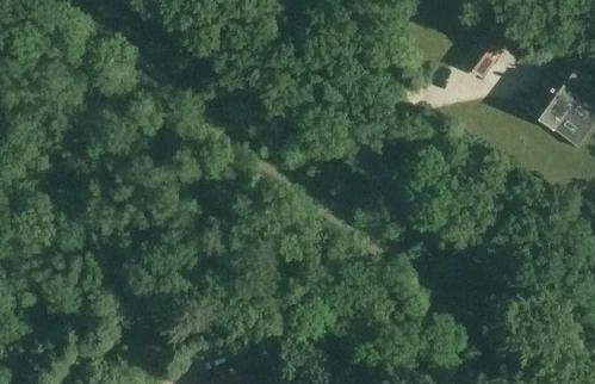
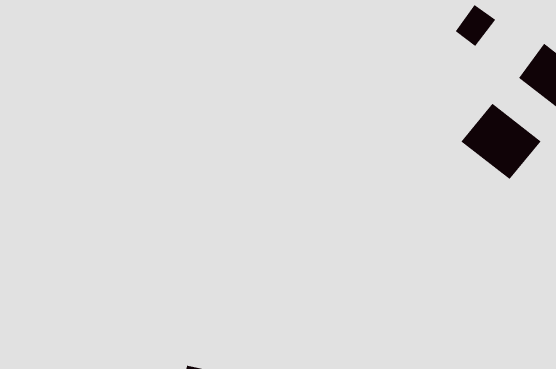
building: none -> [461,103,542,180]

